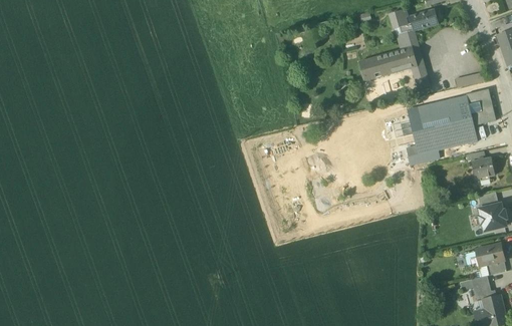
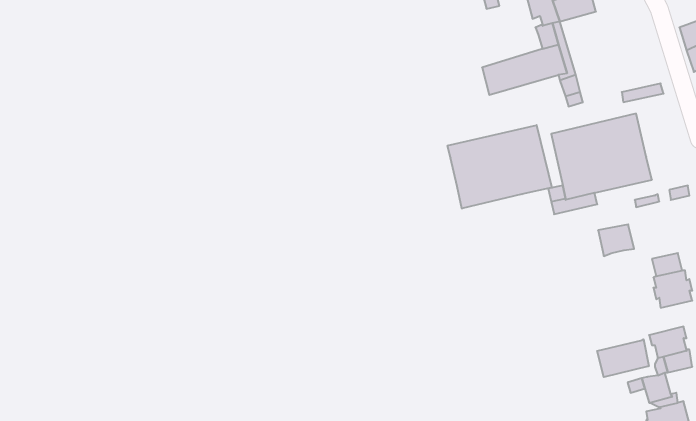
building: [467,88,496,124] -> none
building: none -> [448,125,552,209]
building: [470,156,495,179] -> [598,224,634,256]
building: none -> [597,339,649,377]

